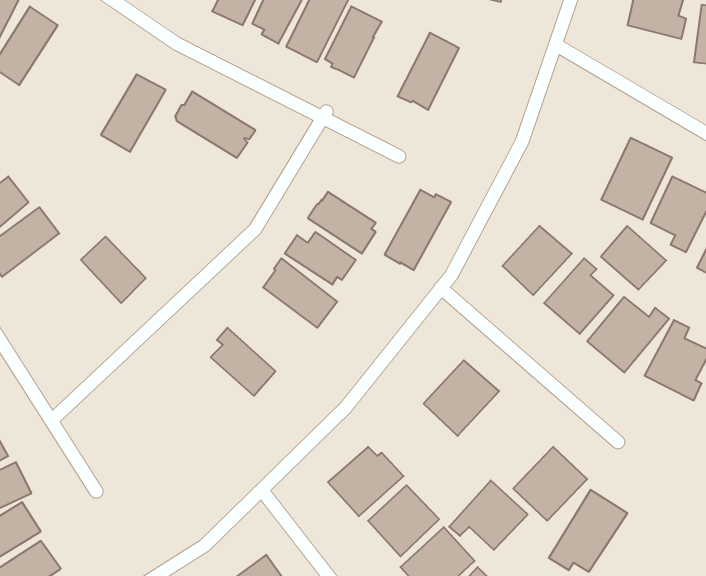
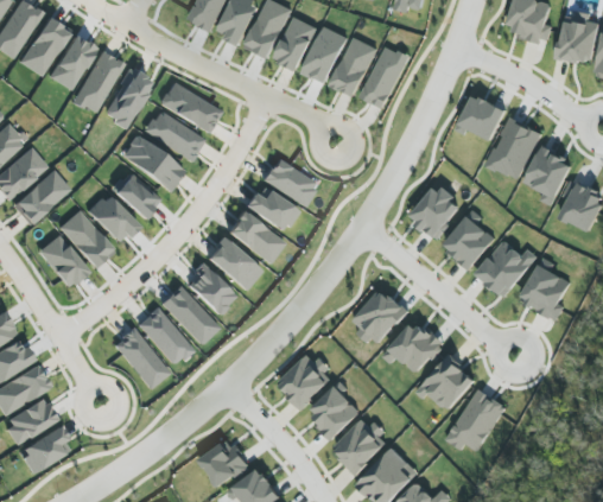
building: none -> [302,26,348,82]
building: none -> [47,36,95,90]
building: none -> [71,51,122,114]
building: none -> [456,95,506,140]
building: none -> [142,113,203,161]
building: none -> [121,135,184,192]
building: [385,190,451,270] -> [360,46,411,108]
building: none -> [112,173,159,220]
building: [601,226,666,290] -> none
building: none -> [57,210,113,268]
building: none -> [37,235,87,288]
building: none -> [207,236,261,291]
building: none -> [160,286,218,345]
building: none -> [137,307,192,366]
building: none -> [112,328,169,389]
building: [449,480,528,550] -> [382,320,443,374]

